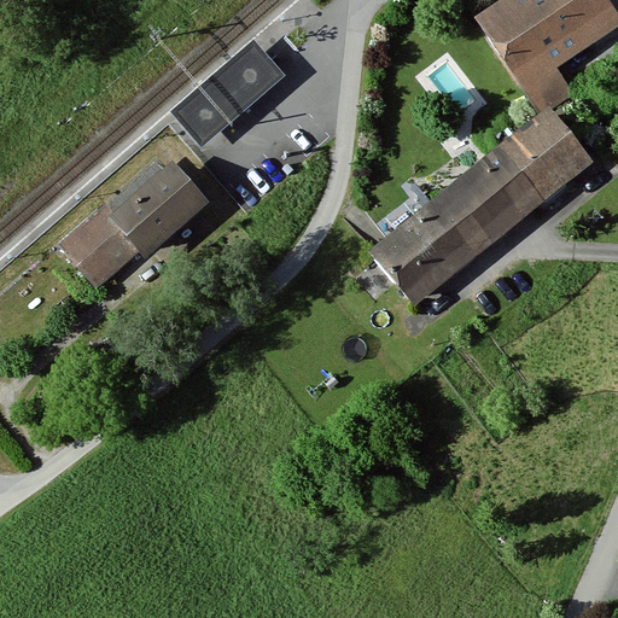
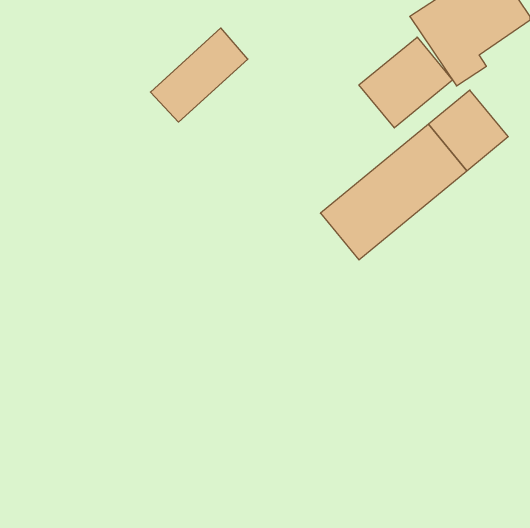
building: none -> [359,37,453,128]
building: [62,169,209,288] -> none

